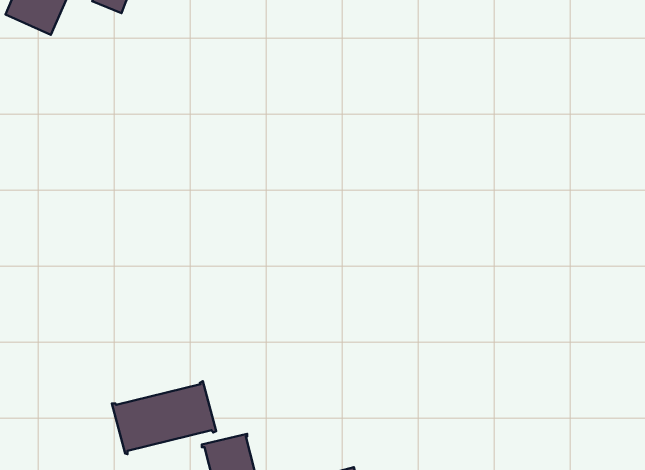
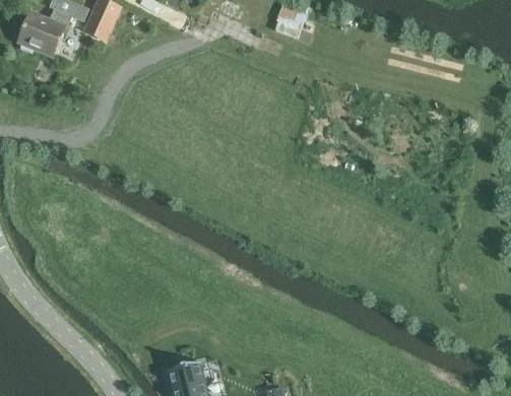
building: [112,381,216,454] -> none

